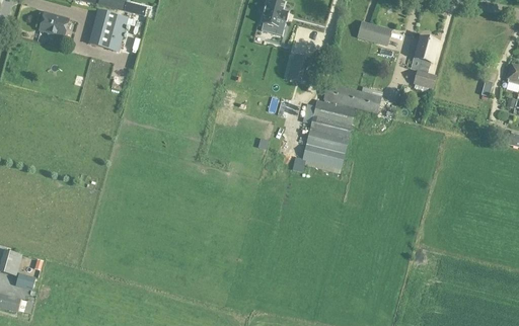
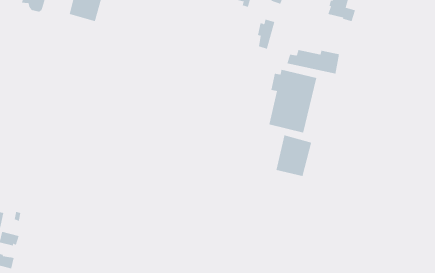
building: [413,34,438,87] -> none
building: none -> [276,135,312,177]

